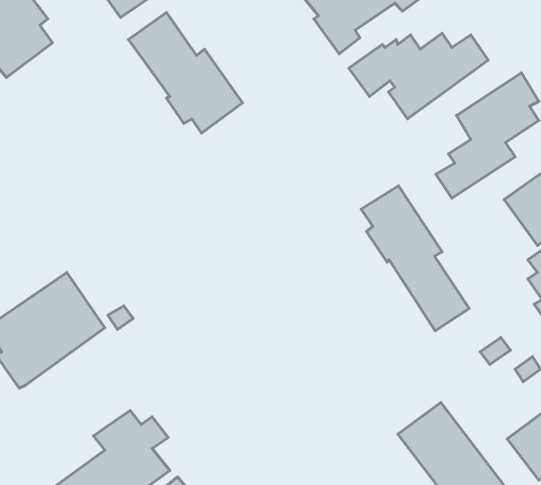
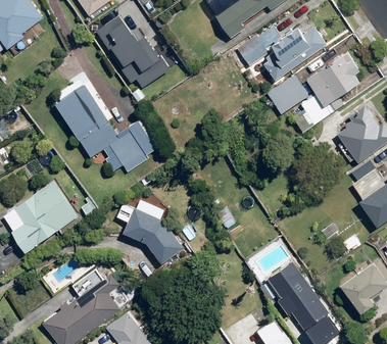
building: none -> [267,75,308,114]
building: none -> [54,78,162,171]
building: [361,186,469,331] -> none
building: none -> [116,199,183,263]

